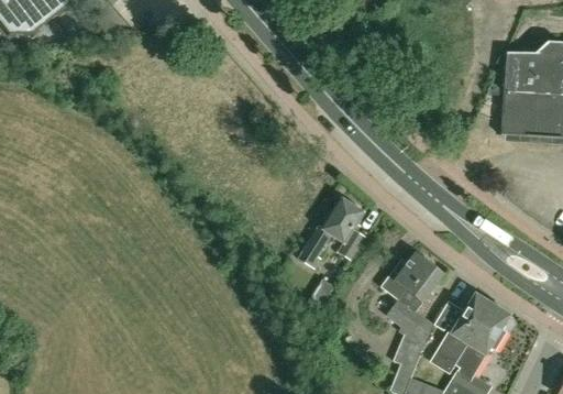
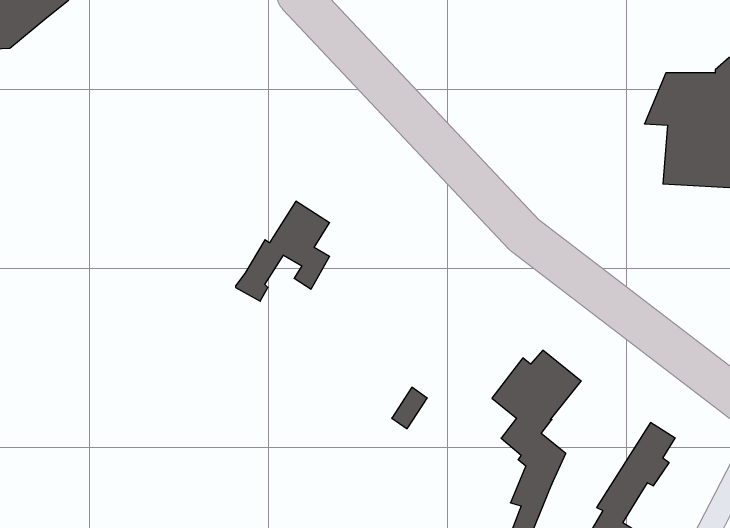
building: [297,197,364,269] -> [236,201,330,301]
building: [430,293,493,373] -> none

